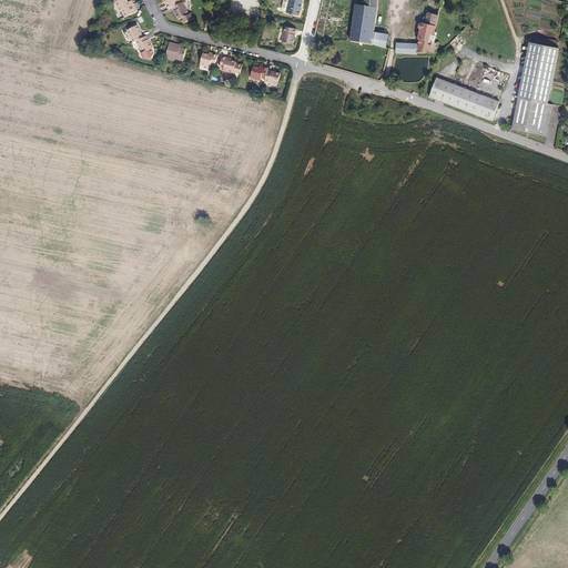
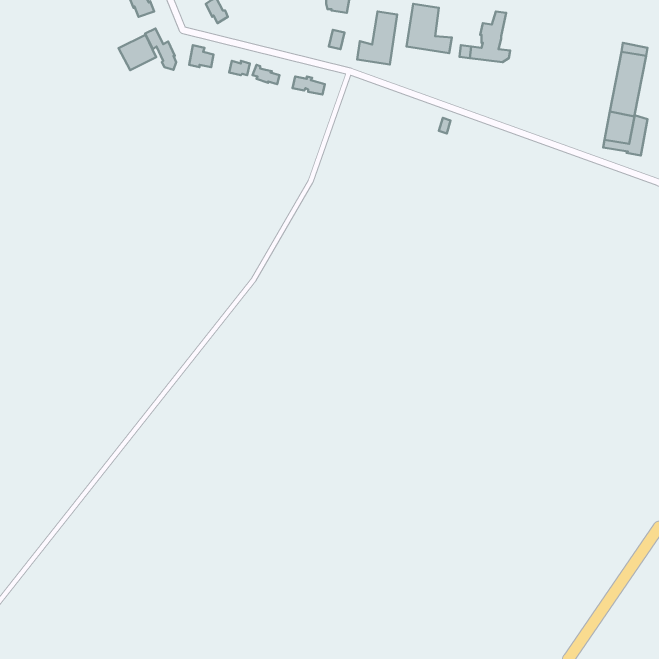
building: none -> [357,12,397,64]
building: none -> [119,35,156,70]
building: [428,75,498,119] -> none

